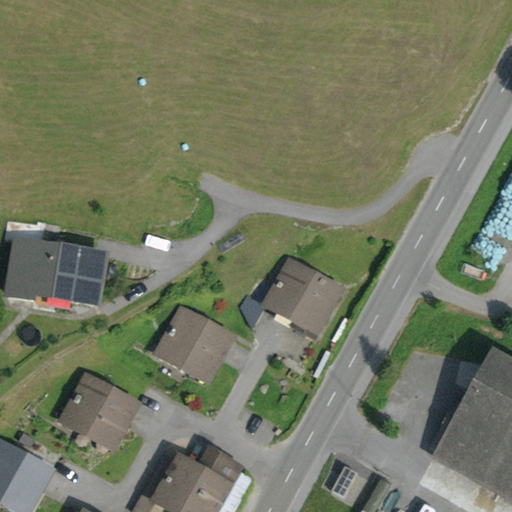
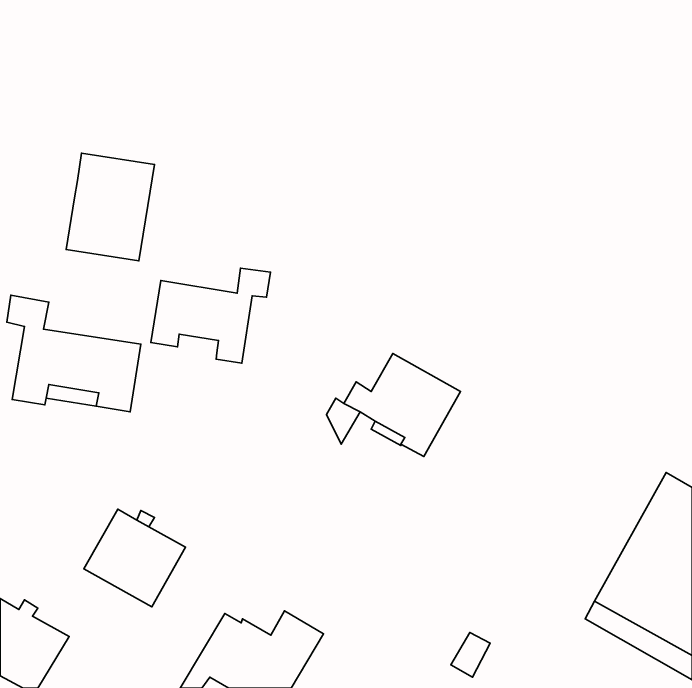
building: none -> [66,153,154,261]
building: none -> [151,268,271,363]
building: [157,309,232,381] -> none

